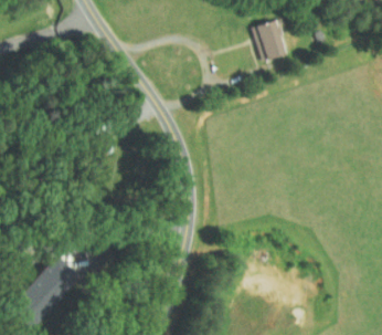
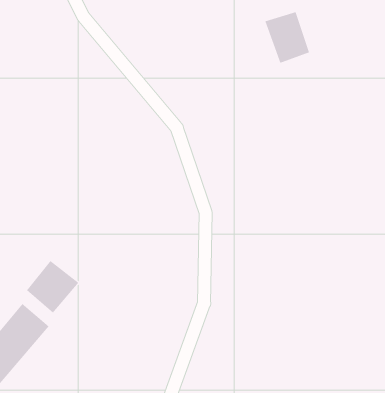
building: none -> [26,260,79,314]

